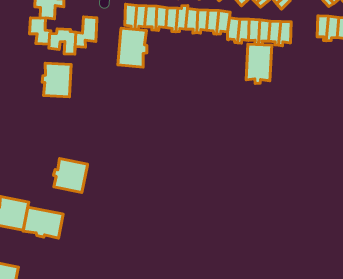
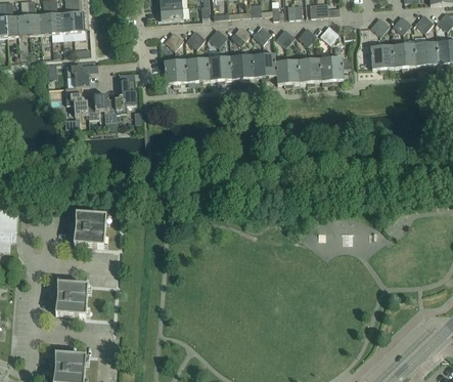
building: [118,28,147,67] -> none
building: [246,44,272,84] -> none
building: [42,63,71,97] -> none
building: [53,159,87,192] -> [71,212,105,245]
building: [23,207,63,238] -> none

